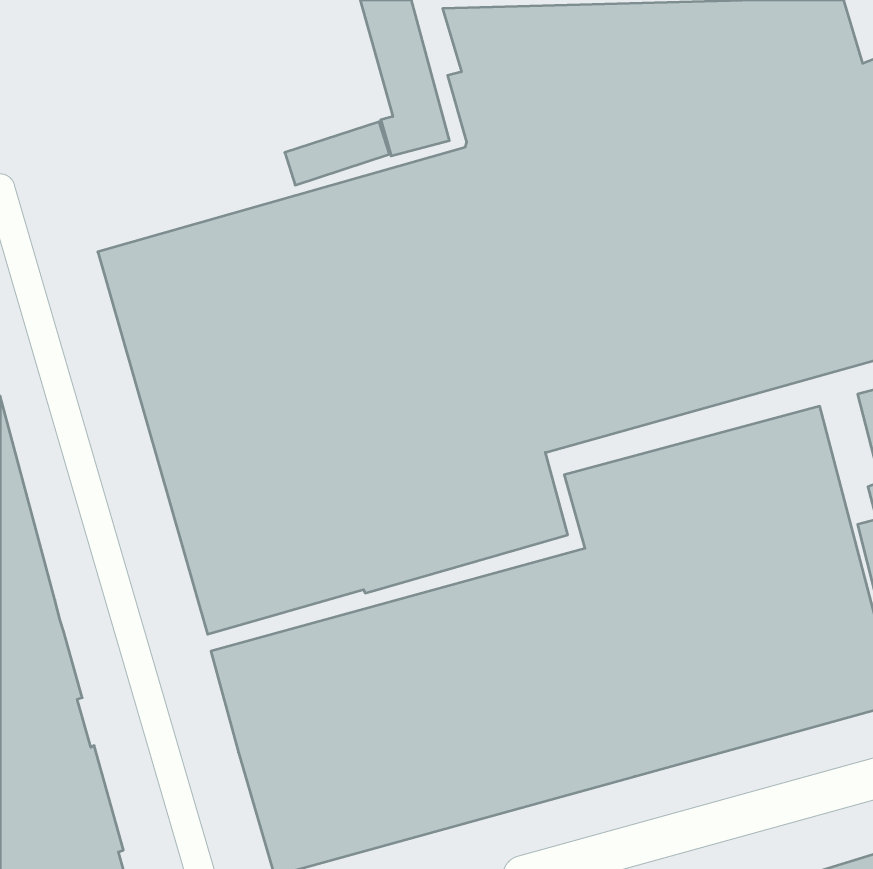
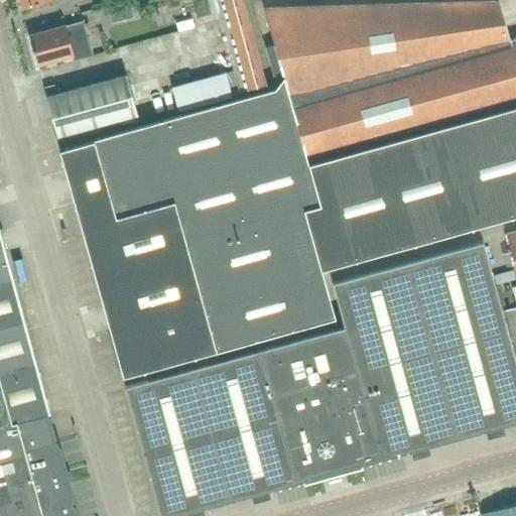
building: none -> [31,24,95,68]
building: none -> [45,78,138,139]

